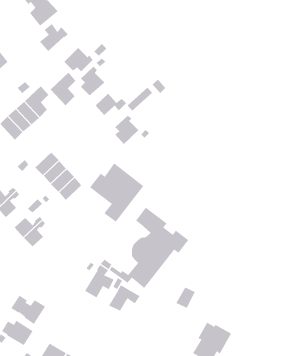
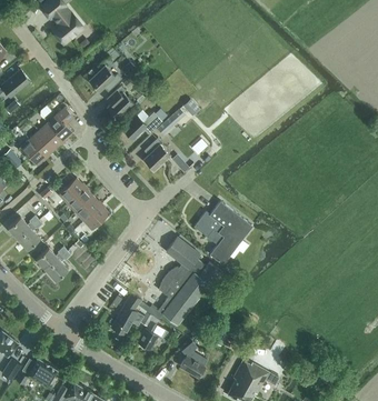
building: [39,23,68,52] -> none
building: [50,72,76,106] -> none
building: [89,162,144,222] -> [193,200,252,264]
building: [10,295,46,325] -> none
building: none -> [180,342,207,377]

